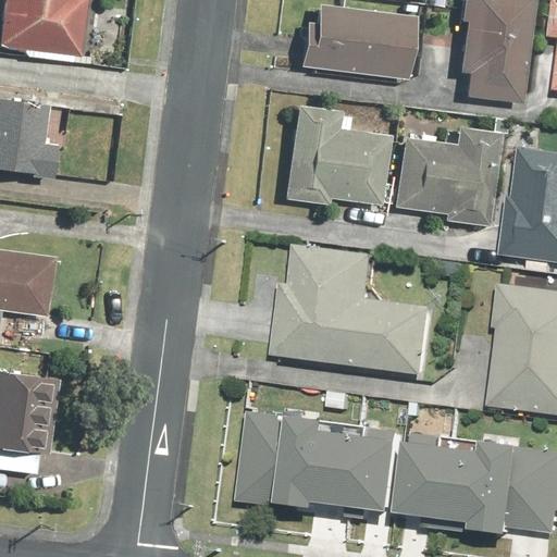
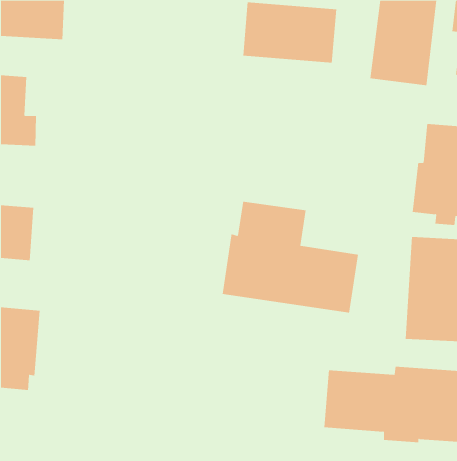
building: [281,103,385,202] -> none
building: [389,125,492,228] -> none
building: [236,412,398,515] -> none

